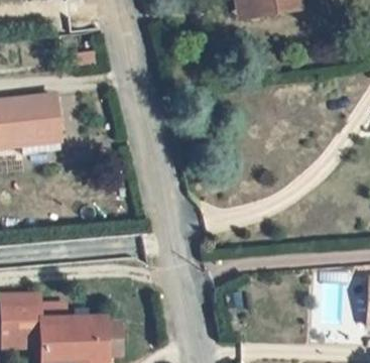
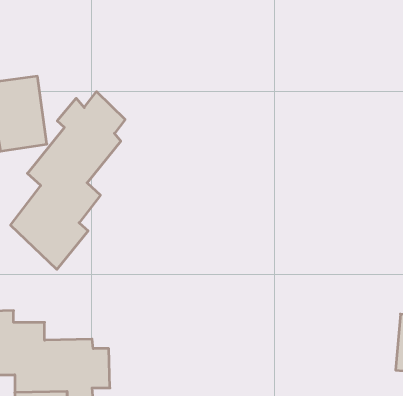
building: none -> [11,92,125,269]

